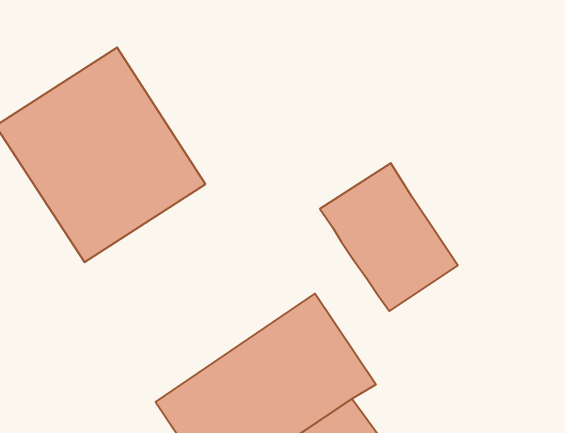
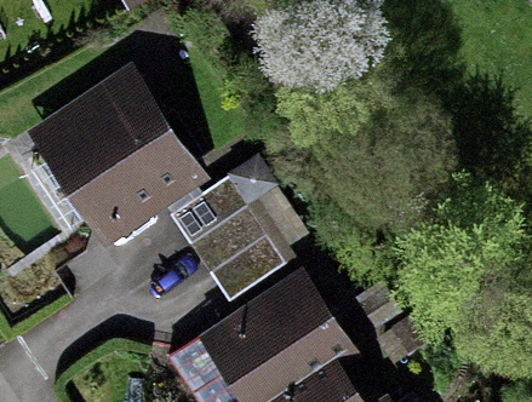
building: [320,163,458,311] -> [171,180,288,306]

